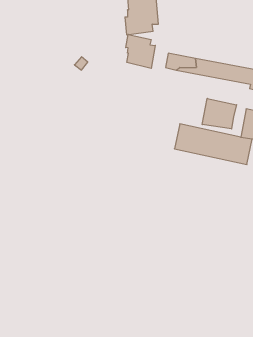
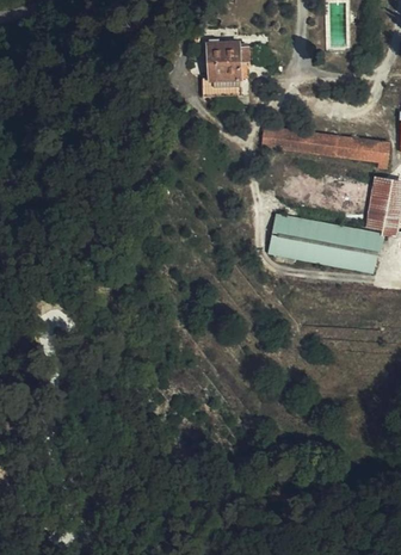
building: [126,34,155,68] -> none
building: [202,98,237,129] -> none

